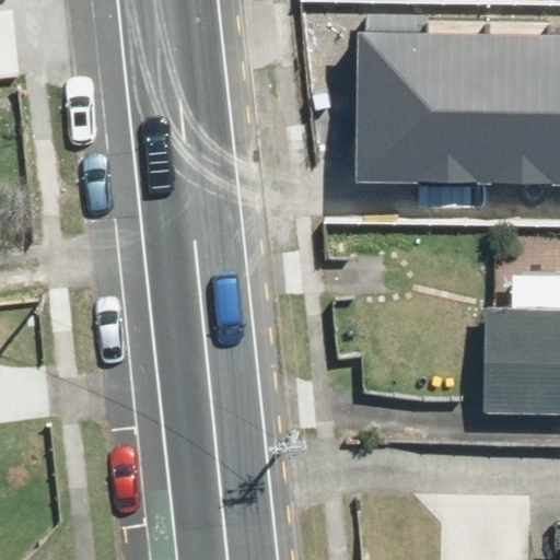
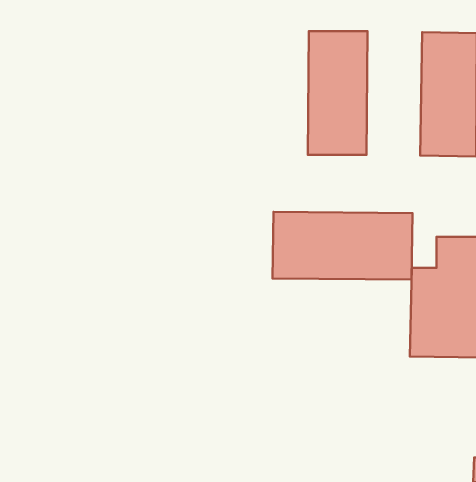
building: [432,36,497,180] -> none
building: none -> [273,212,413,280]

